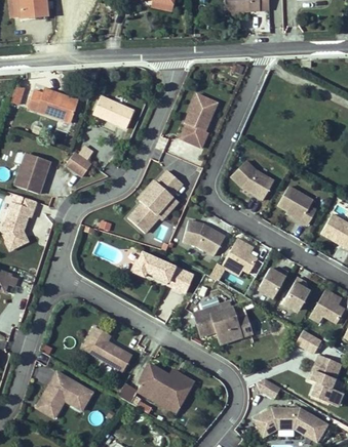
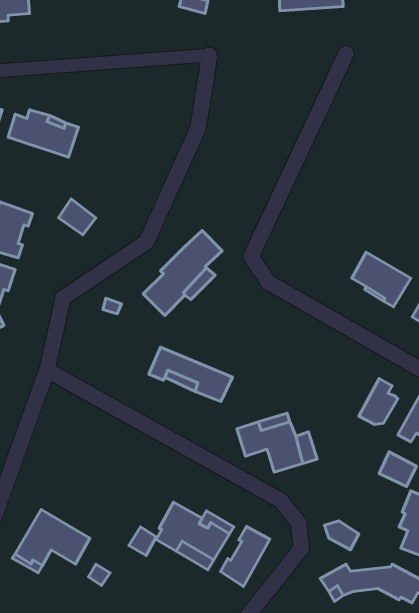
building: [182,91,220,145] -> none
building: [94,95,136,127] -> none
building: [230,161,273,200] -> none
building: [183,221,225,256] -> none
building: [222,239,257,274] -> none
building: [260,268,288,298] -> none
building: [89,328,132,370] -> none
building: none -> [221,526,270,587]

